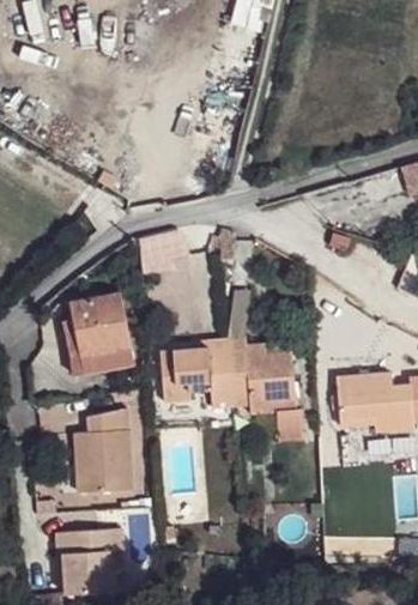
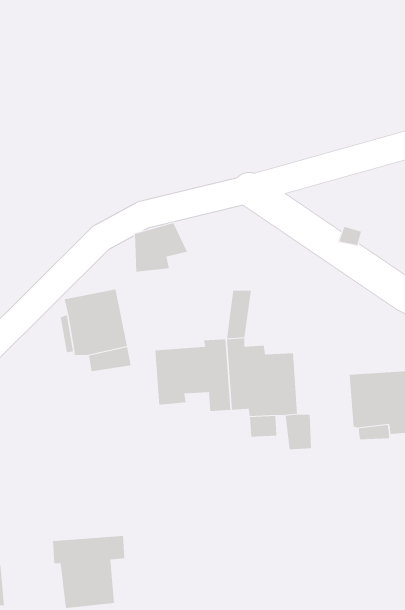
building: [78,407,132,492] -> none

